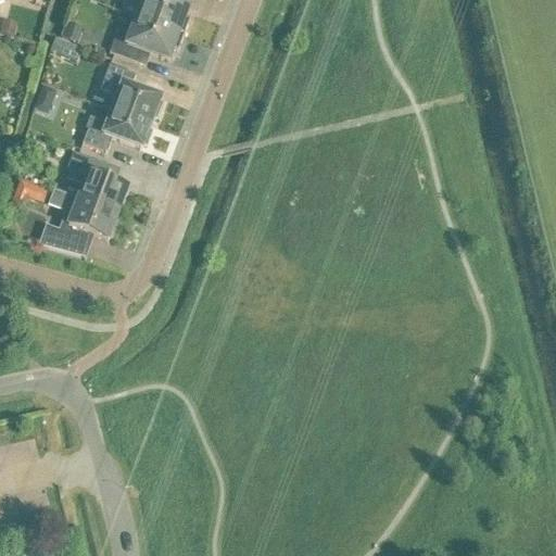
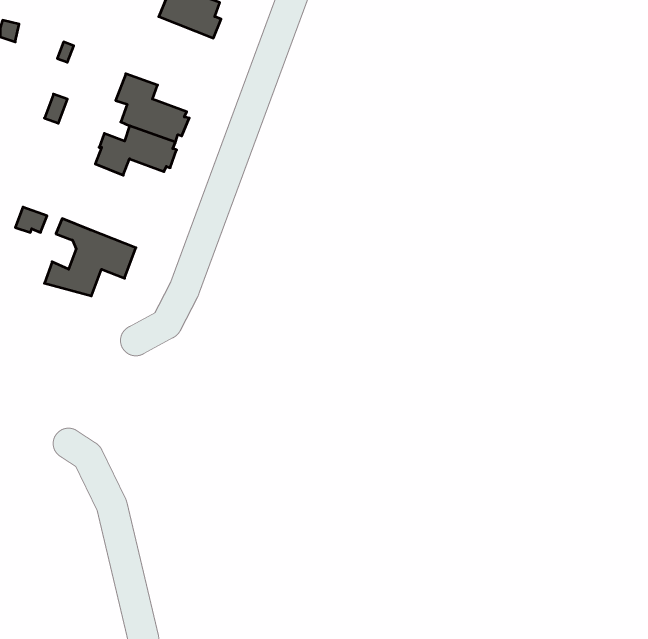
building: [110,14,184,61] -> none
building: [68,149,127,212] -> none

